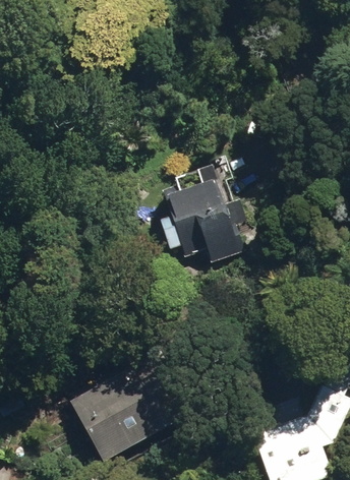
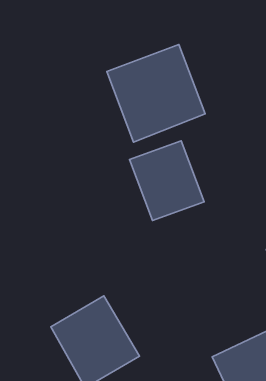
building: none -> [107,45,205,142]

